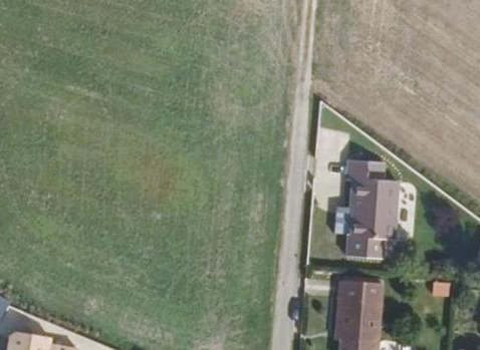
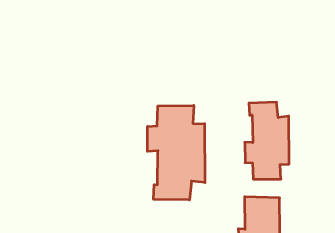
building: none -> [147,105,205,200]

